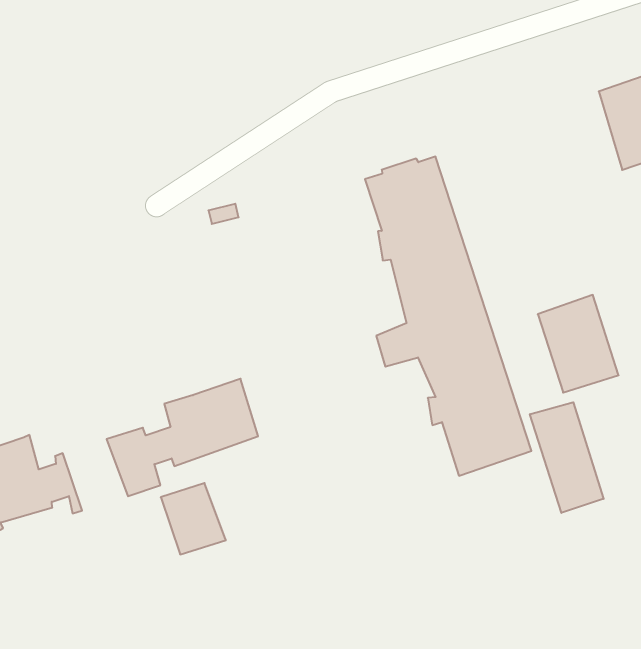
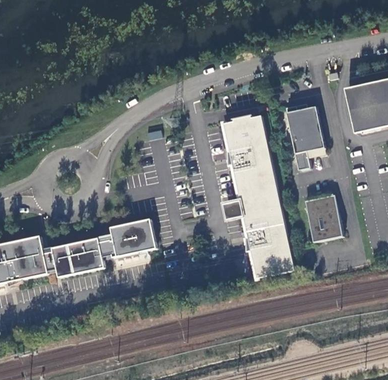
building: none -> [284,104,322,169]
building: [530,402,604,513] -> none
building: [161,483,226,554] -> [56,242,87,277]

